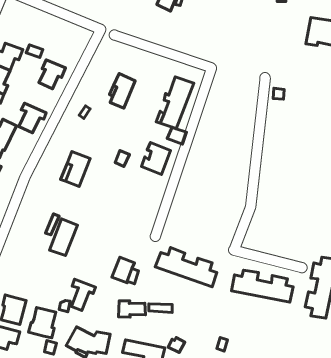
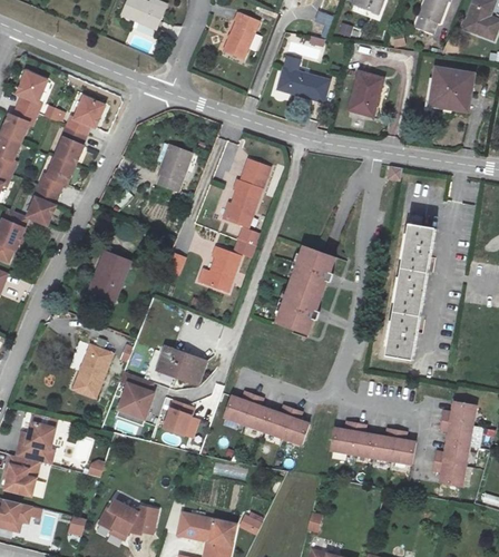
building: none -> [277,63,329,98]
building: none -> [11,70,46,113]
building: none -> [346,70,382,116]
building: none -> [70,99,107,138]
building: none -> [40,158,79,201]
building: none -> [381,221,428,358]
building: none -> [277,246,336,335]
building: none -> [160,350,208,387]
building: [71,279,95,310] -> [120,373,154,417]
building: [119,301,145,317] -> none
building: [29,307,56,338] -> [21,421,59,463]

